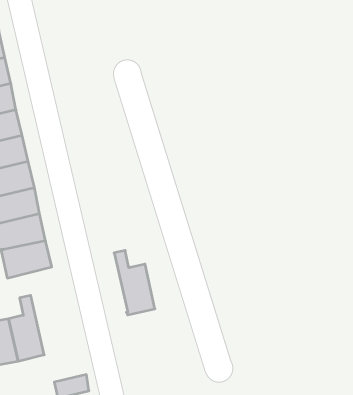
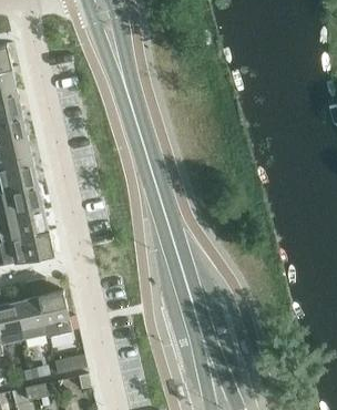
building: [114,250,155,315] -> [35,278,72,336]

